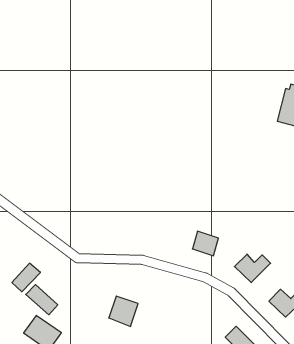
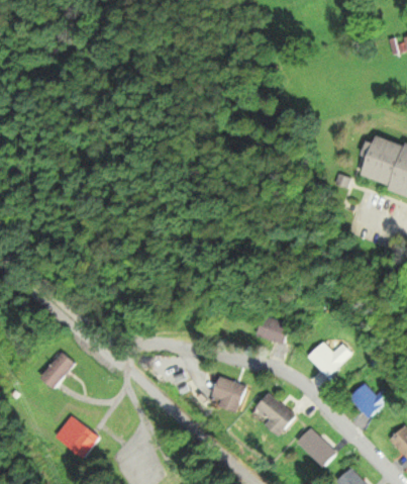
building: [26,285,58,315] -> none
building: [109,296,138,326] -> [210,377,245,413]
building: none -> [252,393,296,434]

